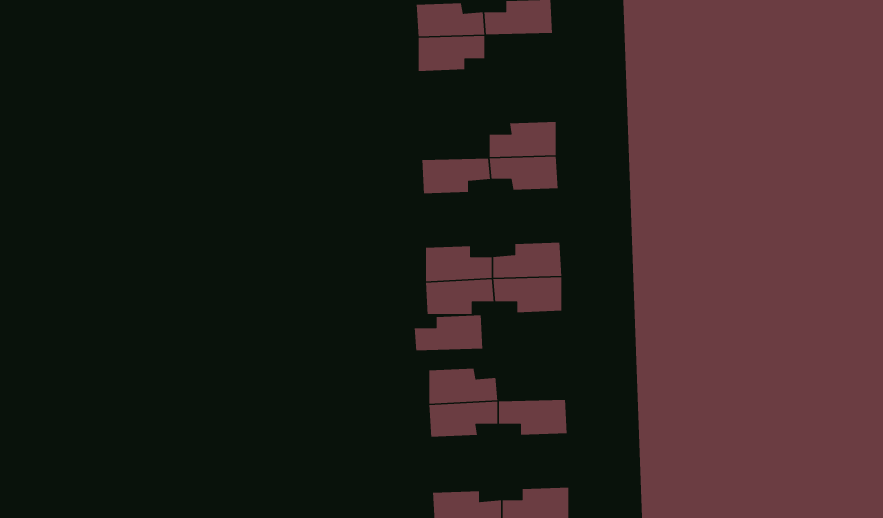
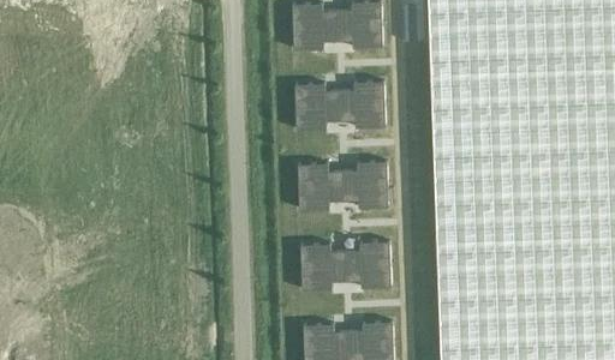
building: none -> [339,24,384,47]
building: none -> [295,83,341,107]
building: [414,315,483,351] -> [346,241,392,265]

